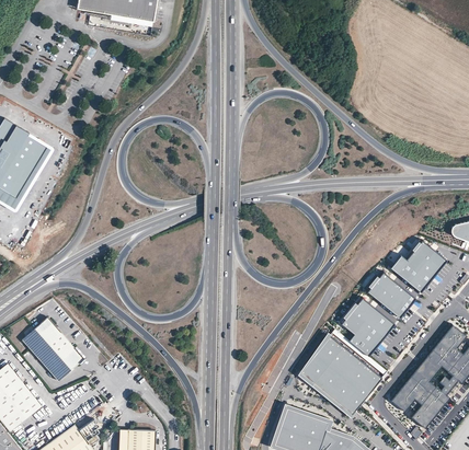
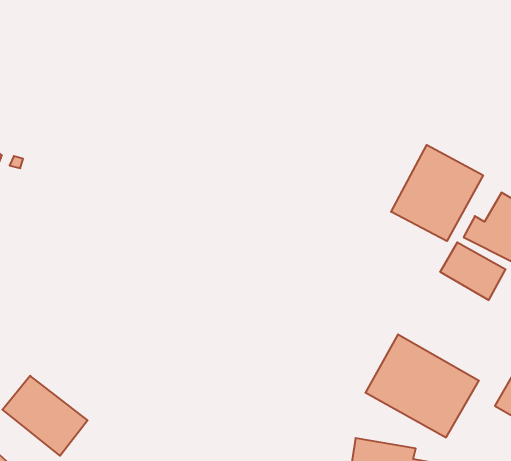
building: none -> [391,145,483,241]
building: [342,297,396,356] -> none

